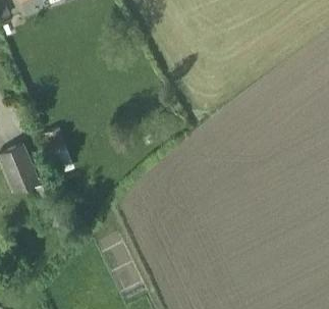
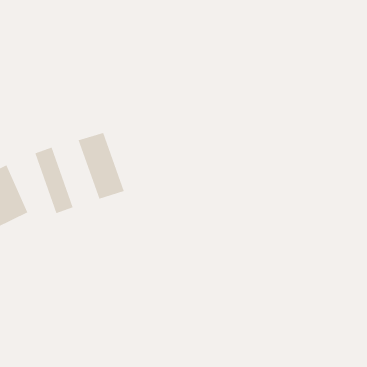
building: none -> [78,132,124,199]

